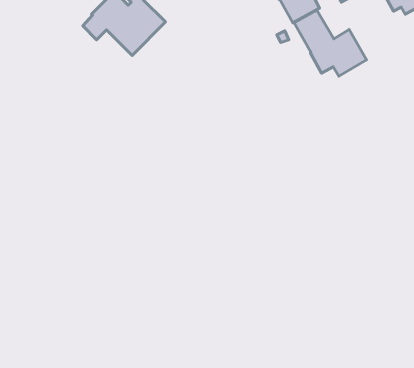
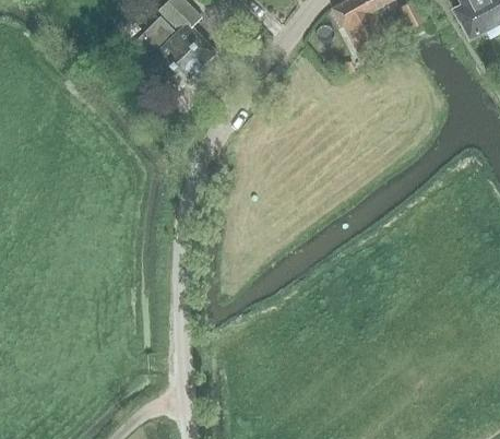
building: [294,10,367,76] -> none

